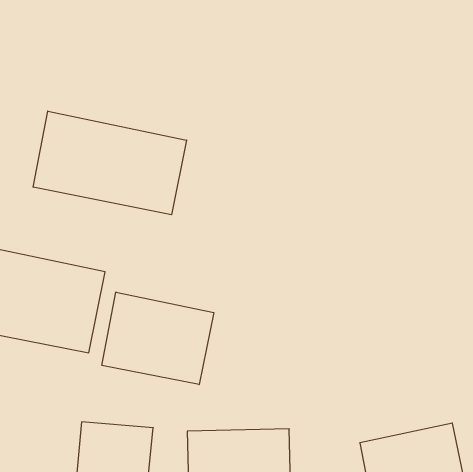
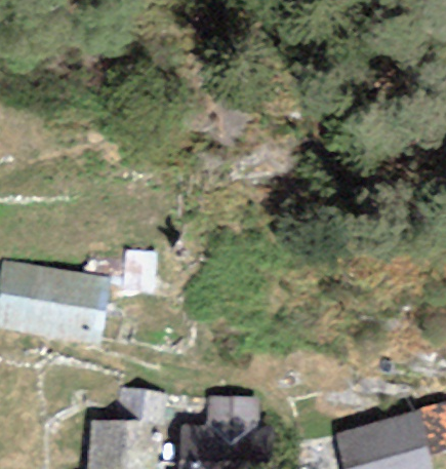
building: [33,111,187,215] -> none
building: [102,292,214,385] -> none

